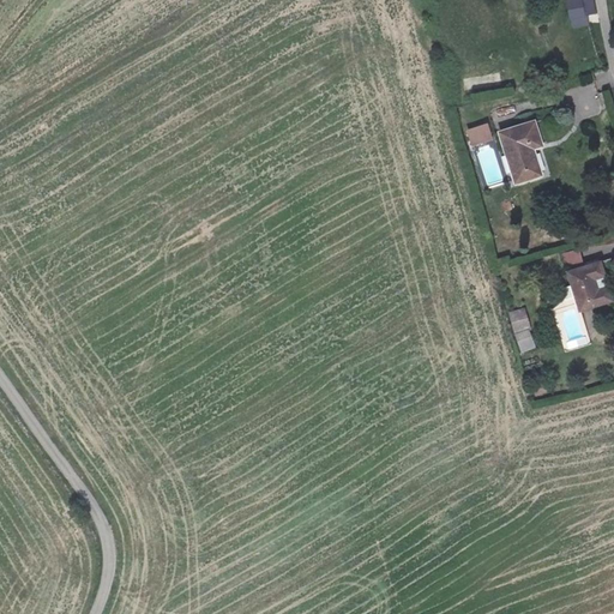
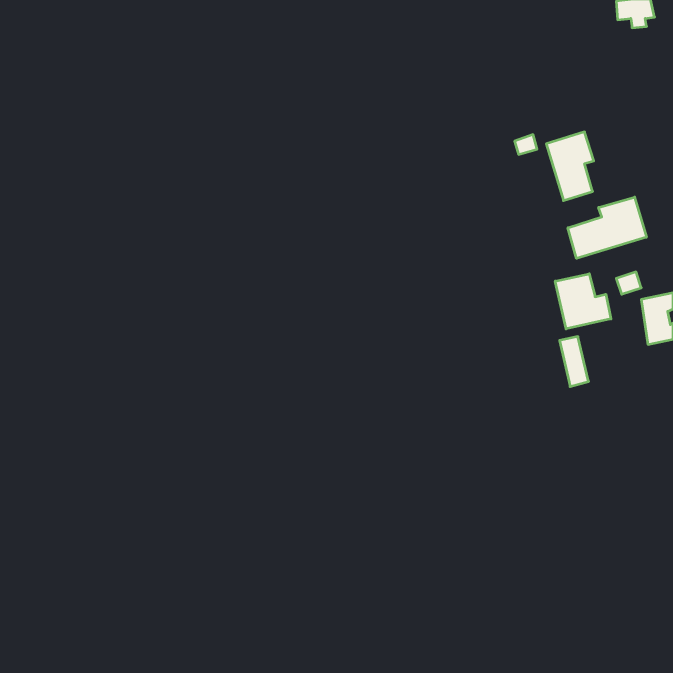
building: none -> [568,197,646,258]
building: none -> [555,274,611,329]

